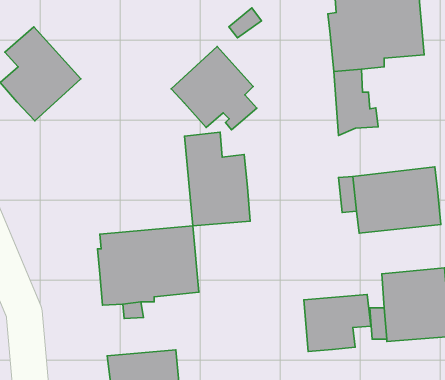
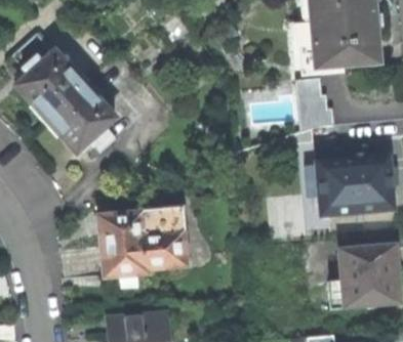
building: [171,47,257,130] -> [46,82,119,153]
building: [185,132,250,226] -> none
building: [304,294,371,351] -> none

